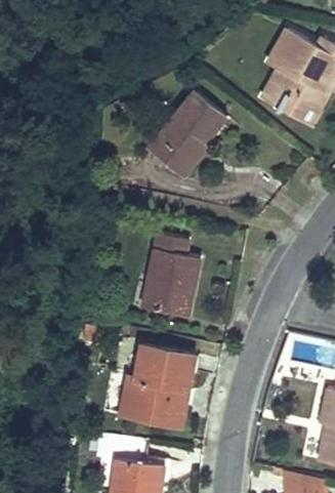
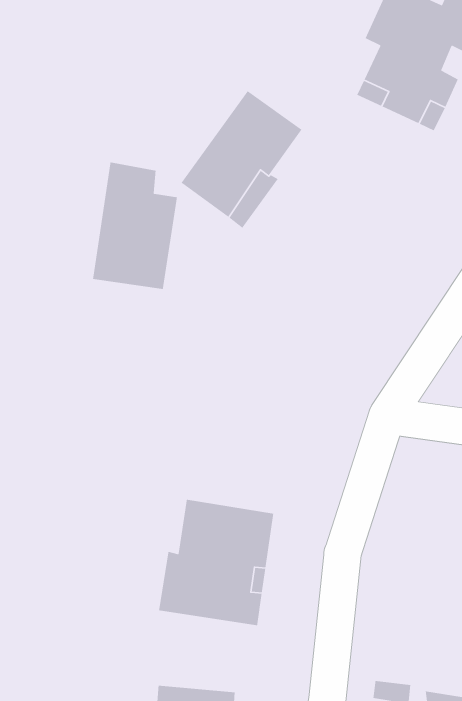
building: [142,233,199,315] -> [92,161,178,290]

